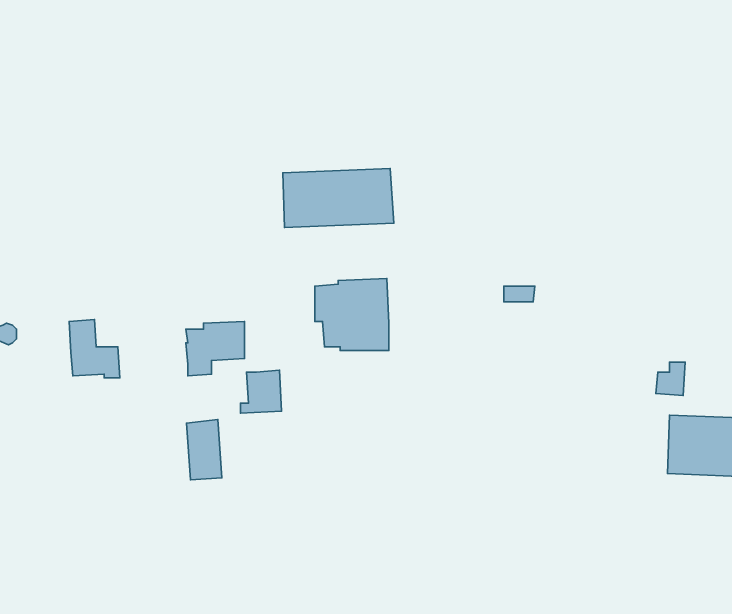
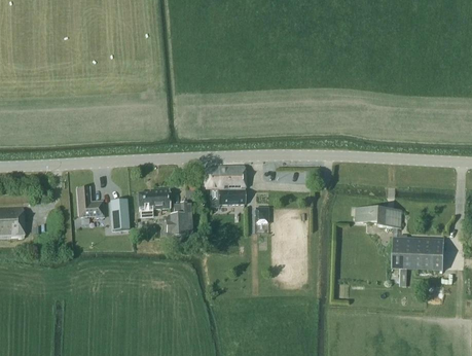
building: [283,168,394,227] -> none
building: none -> [355,207,387,225]
building: [187,419,222,480] -> [110,198,129,229]

